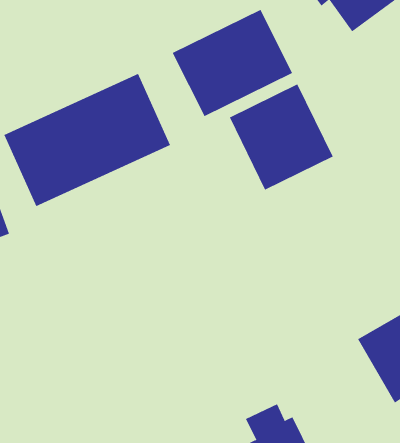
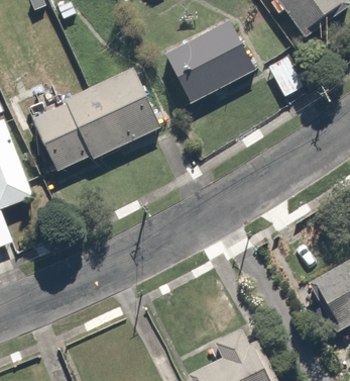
building: [229,84,333,191] -> none

